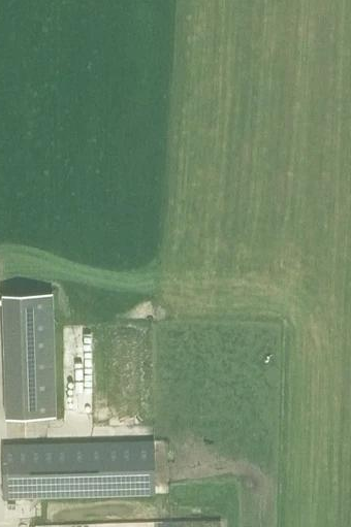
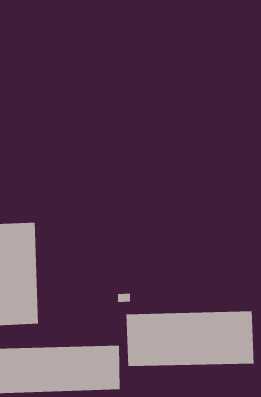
building: none -> [126,310,254,367]

